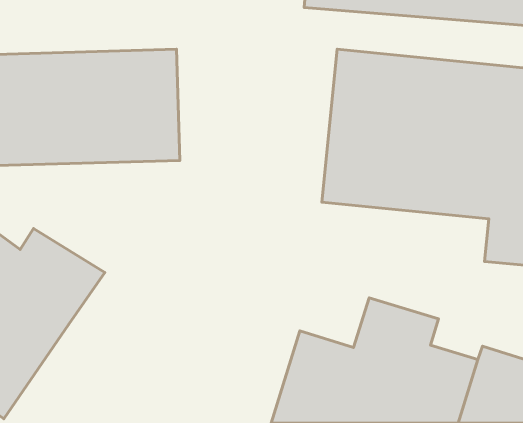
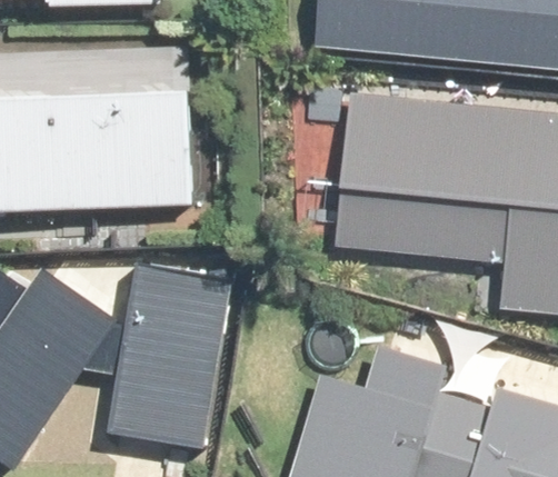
building: none -> [117,277,230,448]

